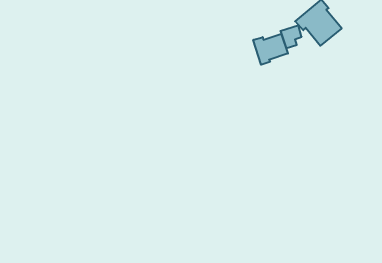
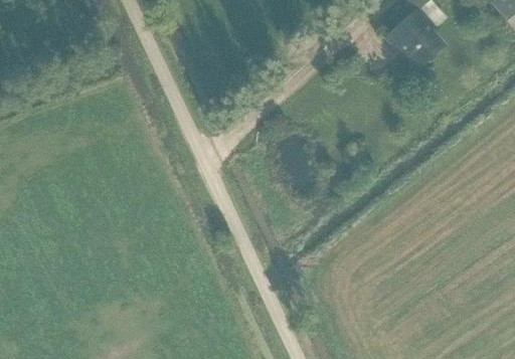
building: [253,34,288,65] -> none

